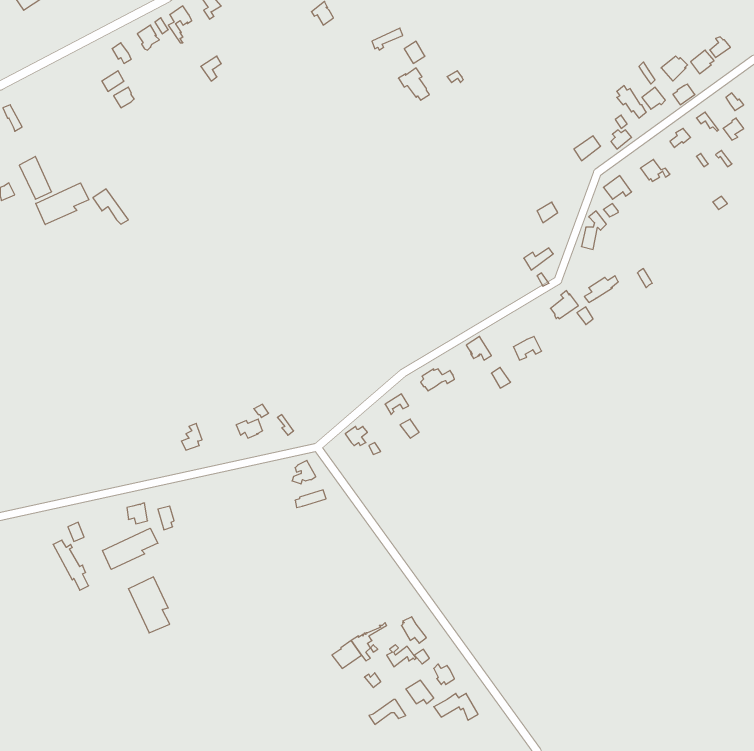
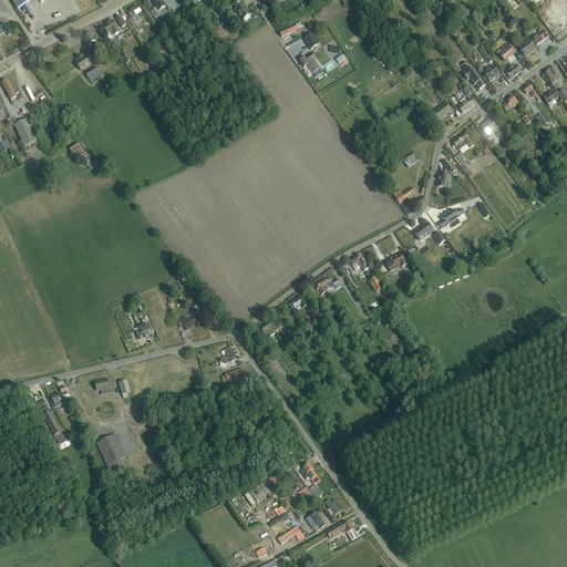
building: [36,183,89,225] -> none
building: [103,528,158,569] -> none

